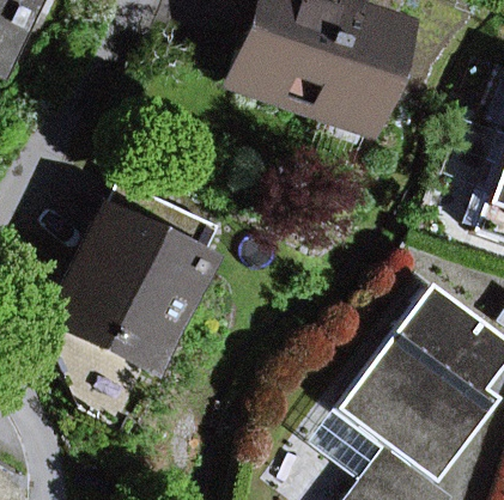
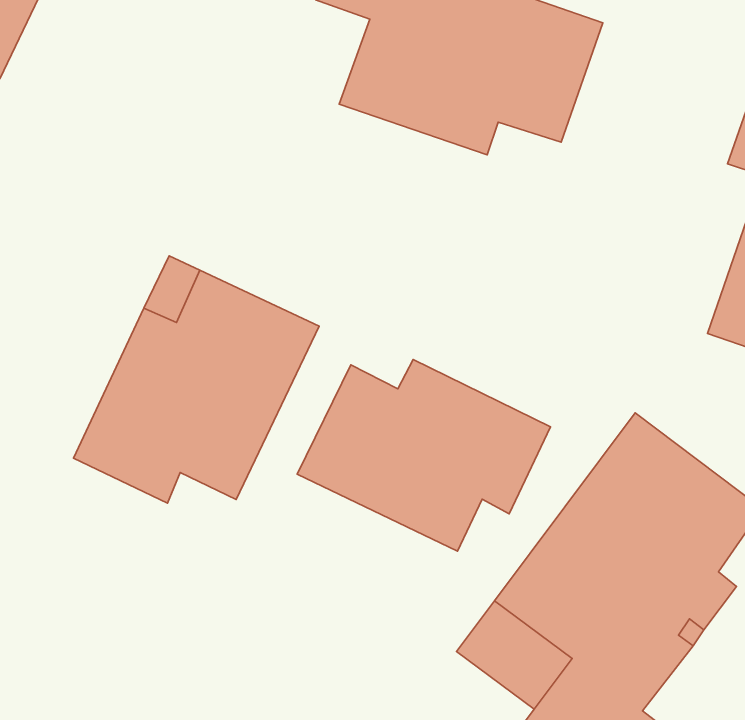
building: none -> [297,360,551,551]

